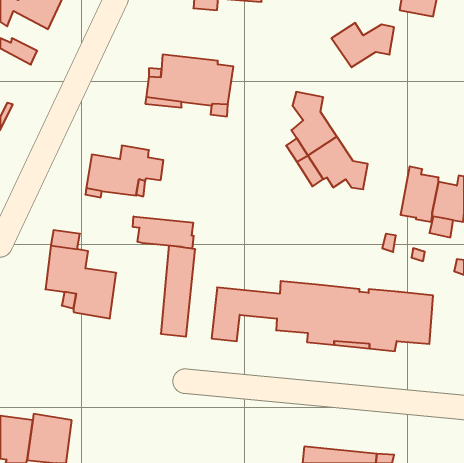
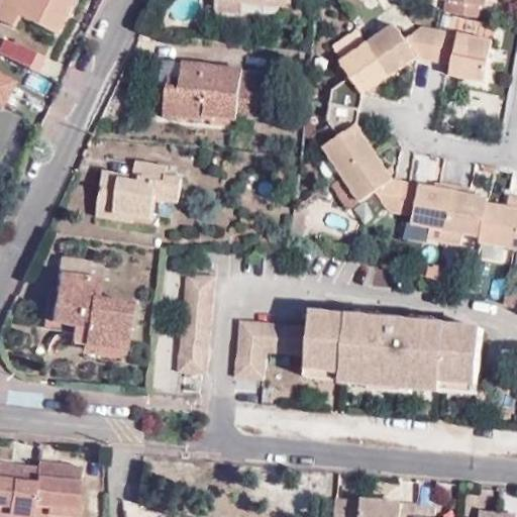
building: none -> [329,27,391,108]
building: none -> [433,30,492,81]
building: none -> [404,182,455,238]
building: [133,216,194,249] -> none

